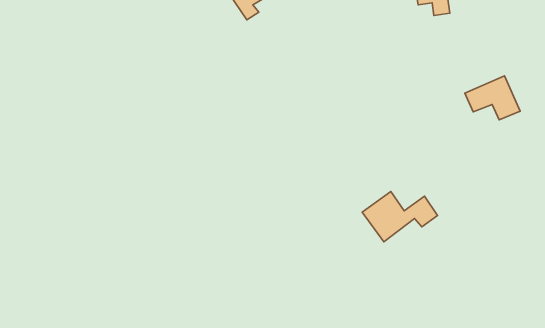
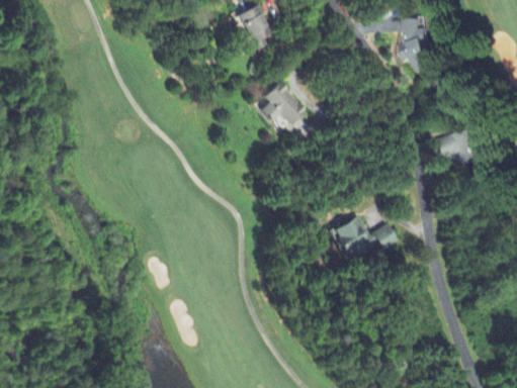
building: none -> [257,82,304,125]

